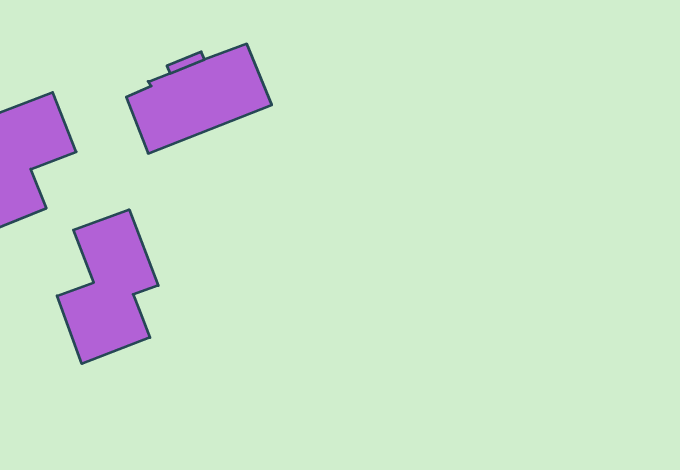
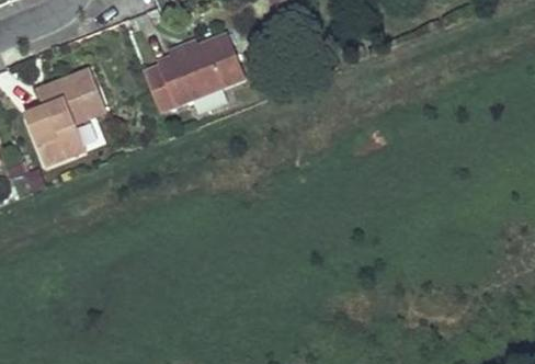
building: [57,210,158,364] -> none

